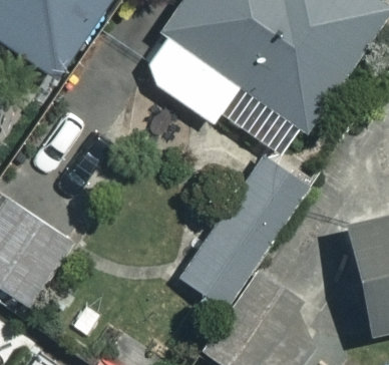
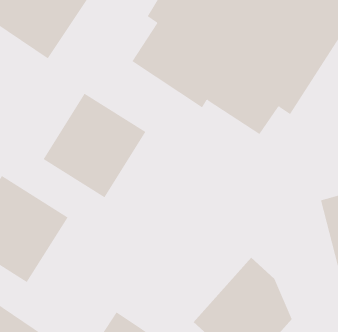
building: none -> [43,93,146,198]
building: [178,164,307,311] -> none

